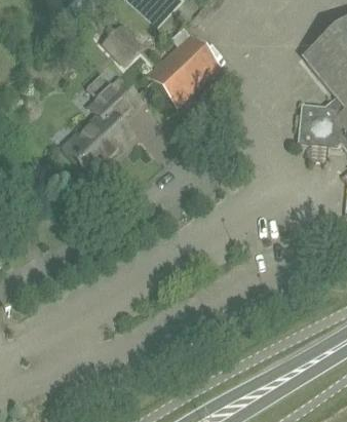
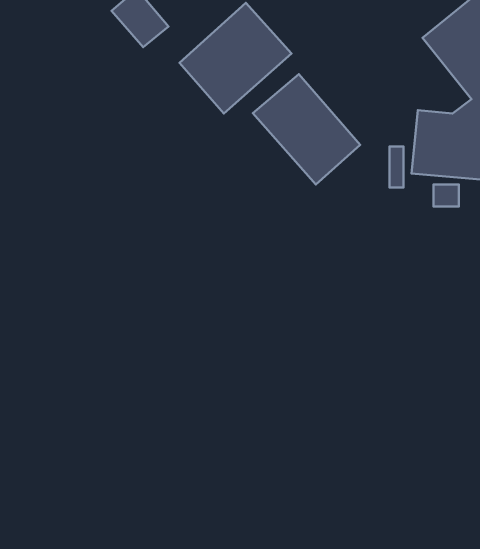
building: none -> [253,74,360,184]
building: [65,79,141,175] -> none

